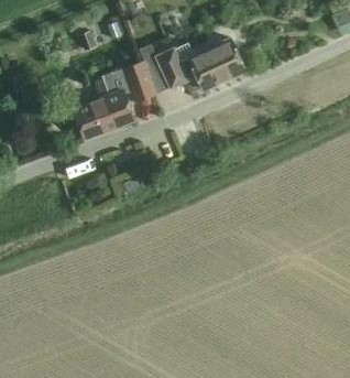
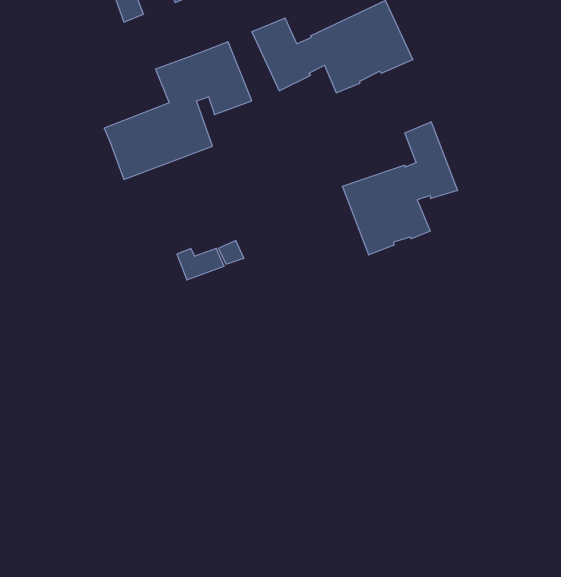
building: none -> [342,122,457,255]

